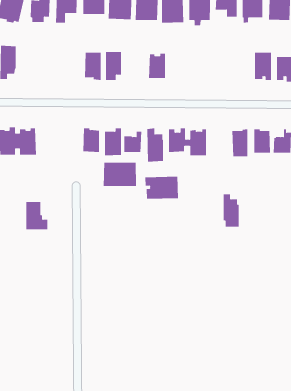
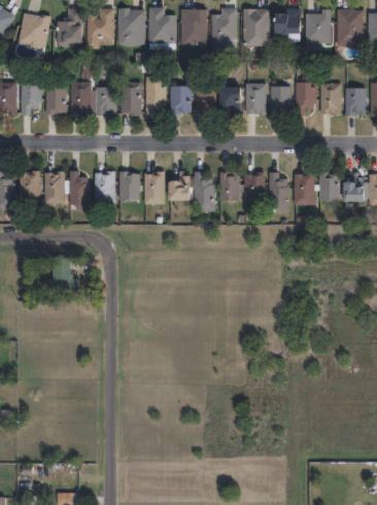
building: none -> [296,75,316,116]
building: none -> [70,82,91,114]
building: none -> [245,83,266,113]
building: none -> [45,86,66,115]
building: none -> [170,86,191,112]
building: none -> [218,86,239,111]
building: none -> [272,86,292,115]
building: none -> [97,87,115,114]
building: none -> [69,171,89,211]
building: none -> [94,171,115,204]
building: [103,162,136,187] -> none
building: [145,176,178,200] -> none
building: [223,194,240,227] -> [270,172,289,211]

